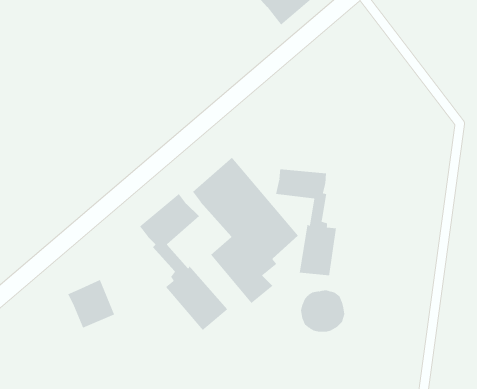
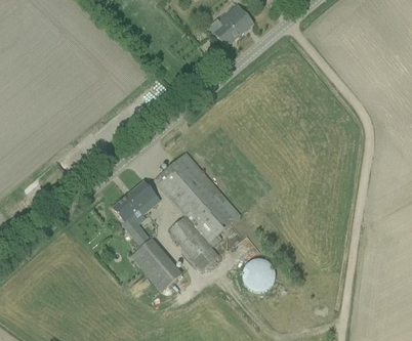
building: [275,168,336,276] -> none
building: [68,279,115,329] -> none

